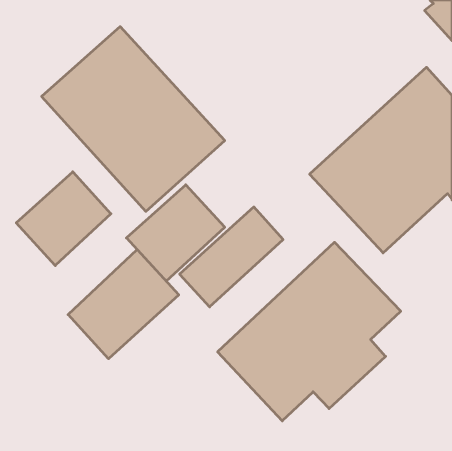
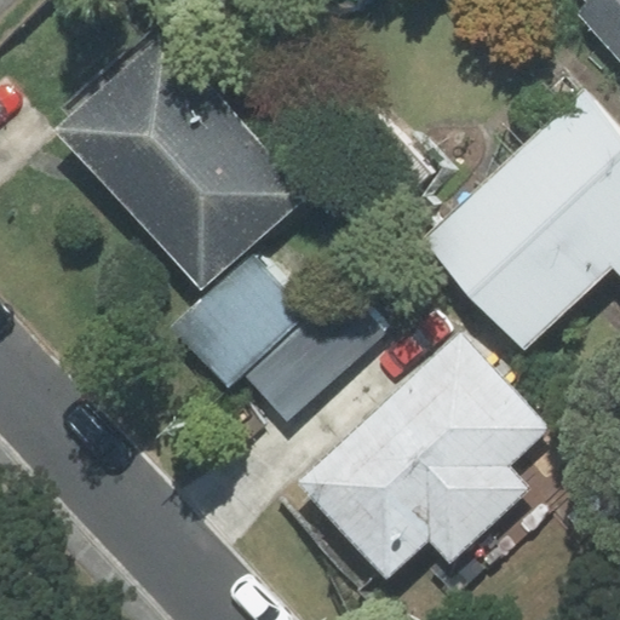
building: [16,172,111,266] -> none
building: [68,250,179,359] -> none

